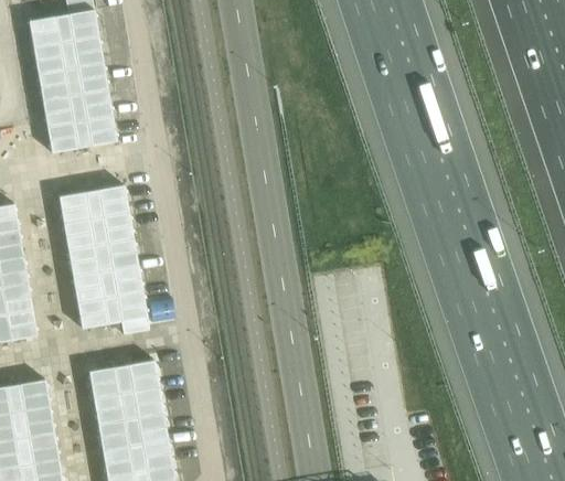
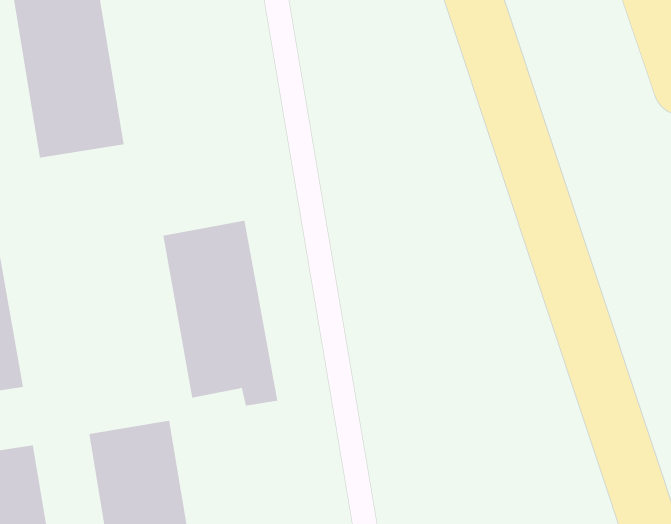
building: [57,185,150,334] -> [163,220,278,406]

